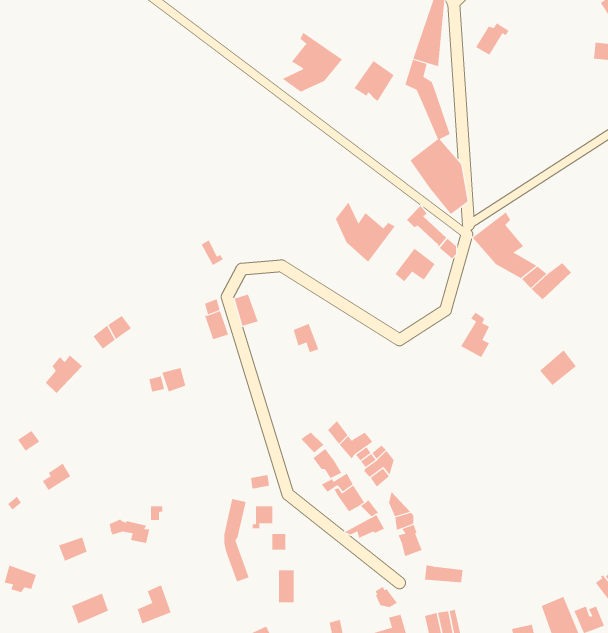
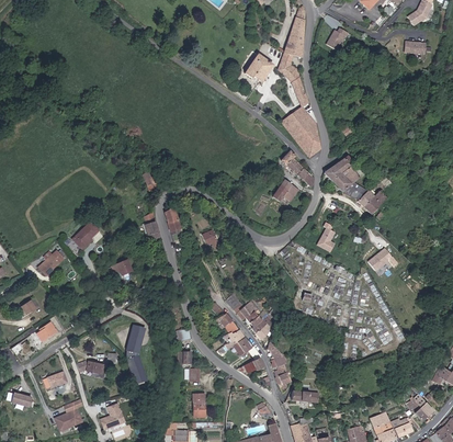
building: [281,32,343,93] -> none
building: [335,202,395,263] -> none
building: [223,498,250,582] -> [126,326,144,382]

